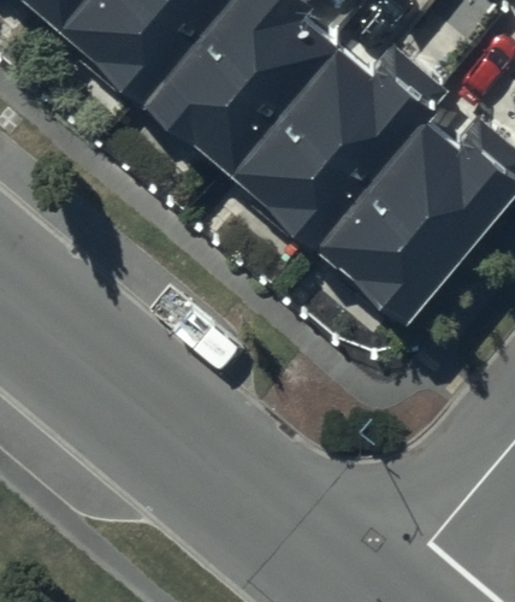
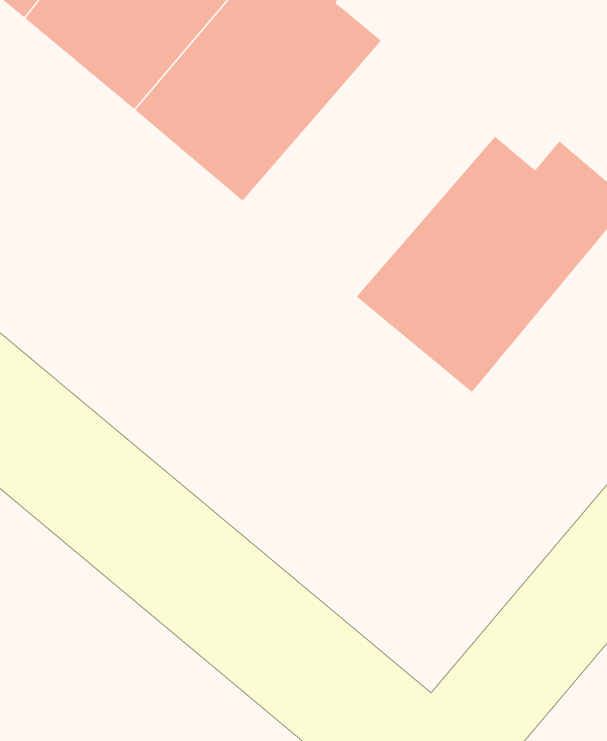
building: [223,41,442,242] -> none

